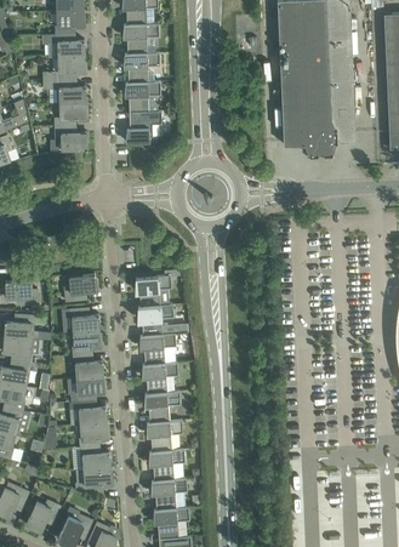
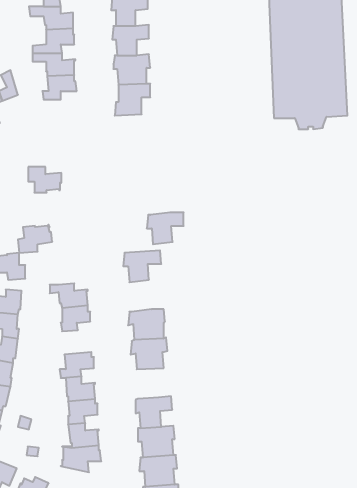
building: [56,126,89,152] -> [28,167,61,193]
building: [64,273,98,301] -> [18,225,52,253]
building: [137,304,173,336] -> [147,212,184,244]
building: [74,354,103,378] -> none
building: [144,391,181,422] -> none

